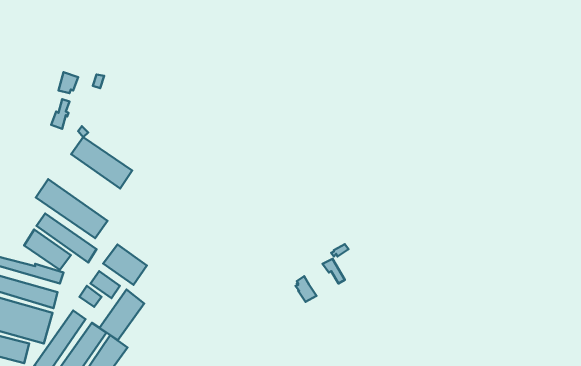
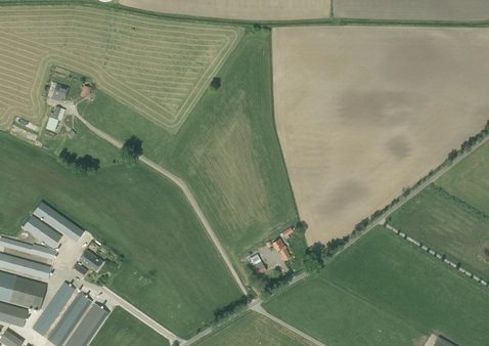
building: [71,137,132,188] -> none
building: [36,179,108,238] -> none
building: [103,244,147,285] -> none
building: [99,290,144,340] -> none

